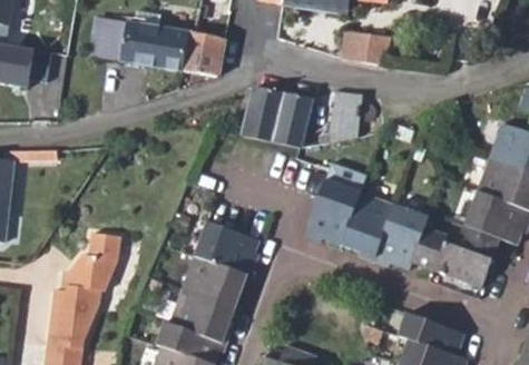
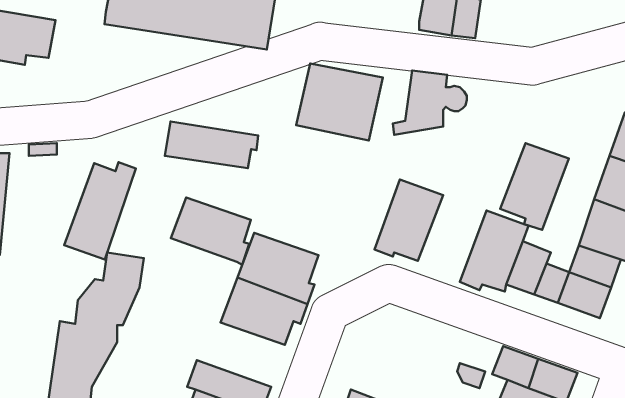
building: none -> [165,121,258,168]
building: none -> [64,162,136,259]
building: [339,191,393,260] -> [500,143,569,230]
building: [169,293,233,346] -> [171,198,251,265]

